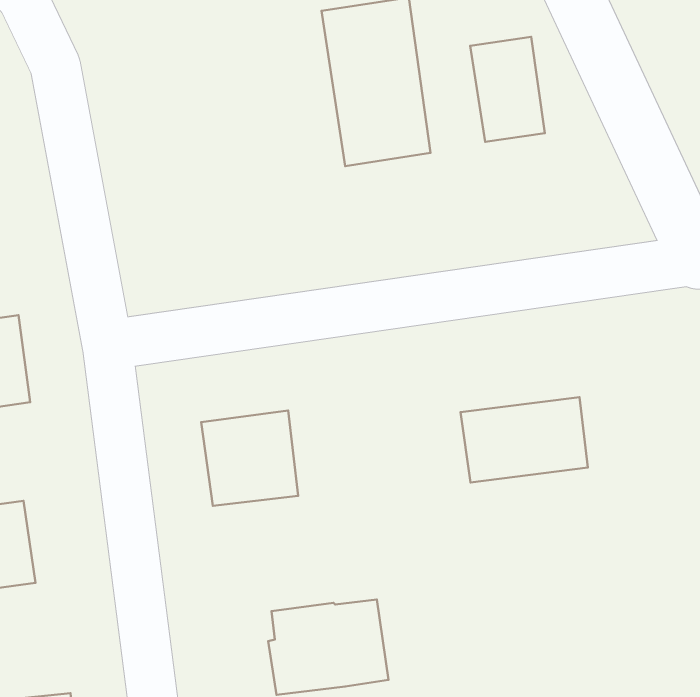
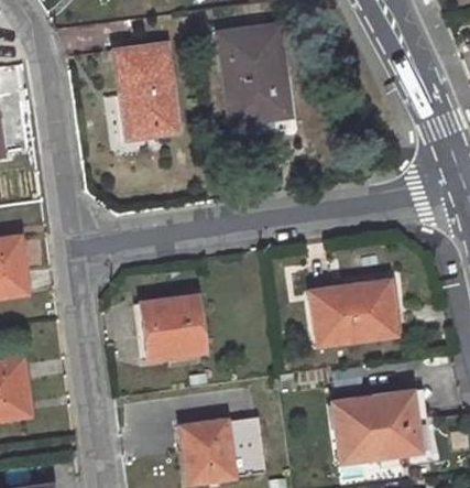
building: none -> [114,41,179,137]
building: [470,37,545,142] -> none
building: none -> [334,392,417,460]

